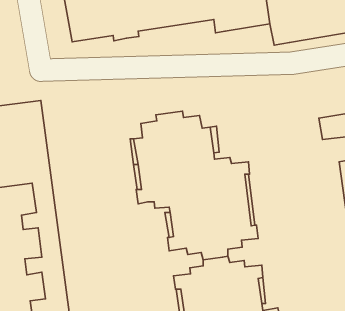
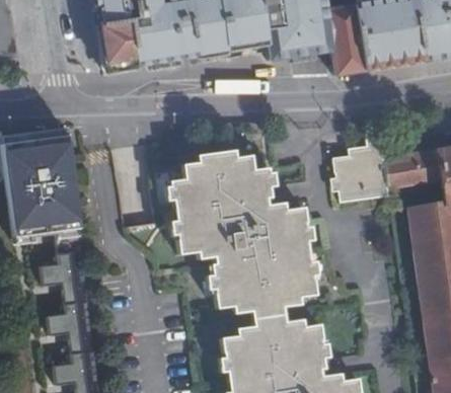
building: none -> [337,136,391,200]

